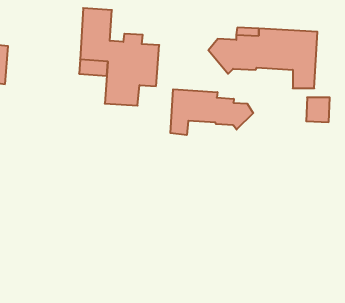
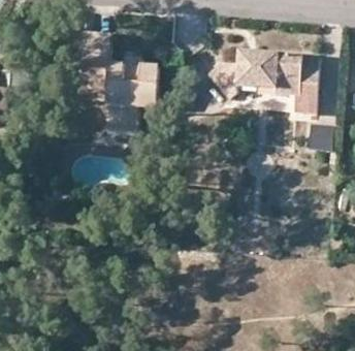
building: [170,89,253,135] -> none

